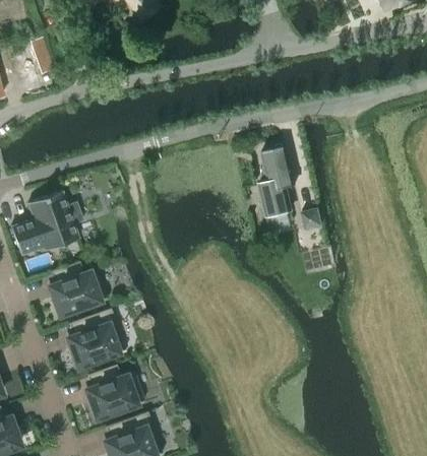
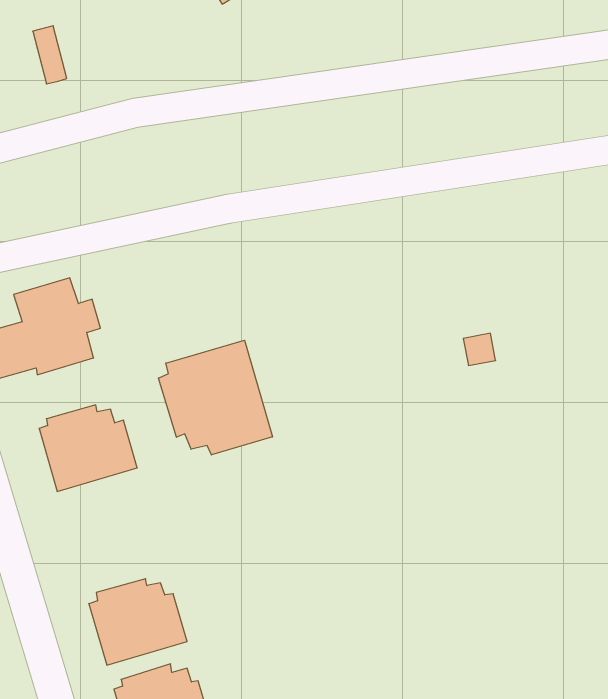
building: [258,145,295,217] -> none
building: none -> [158,340,273,455]
building: [65,319,126,373] -> none

